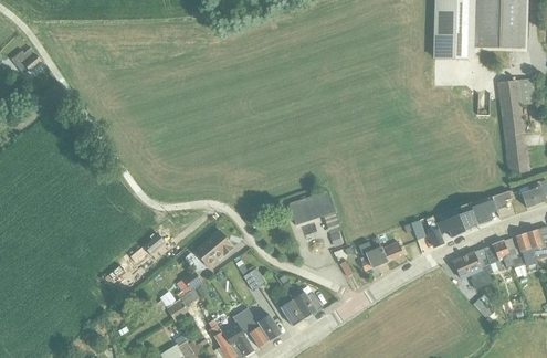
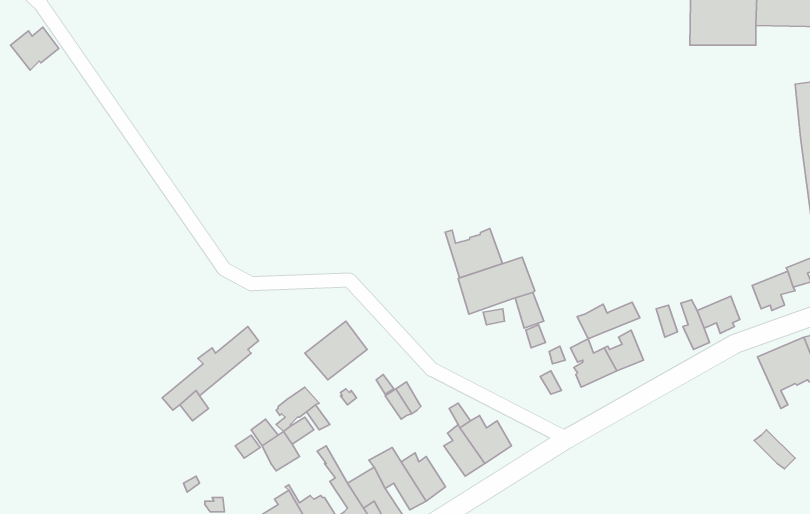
building: none -> [445,229,503,278]
building: none -> [577,302,640,339]
building: [453,252,488,289] -> none

